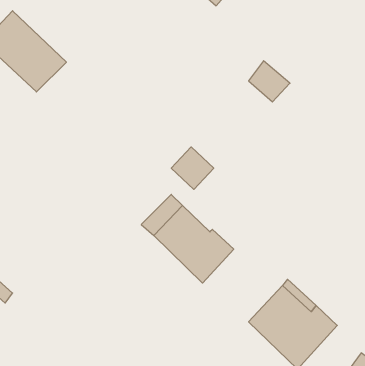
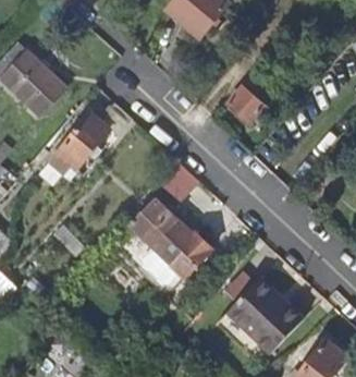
building: none -> [49,114,107,173]

